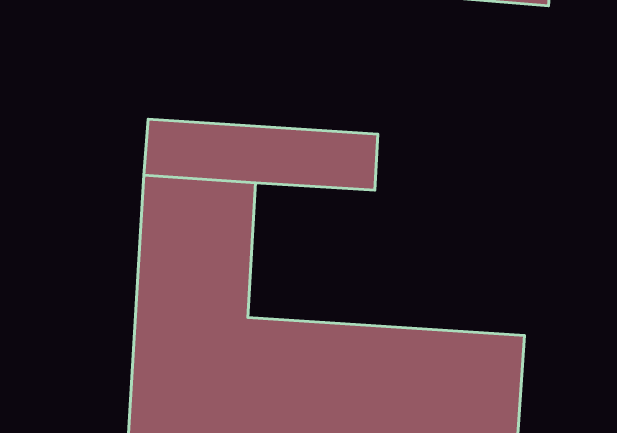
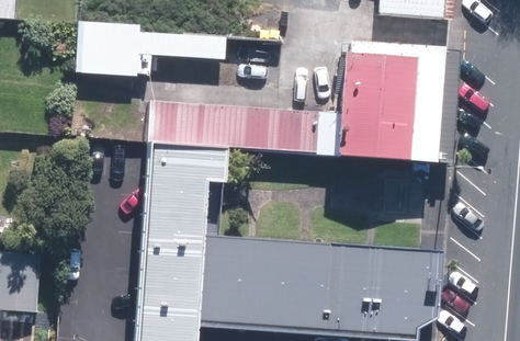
building: none -> [78,22,225,73]
building: none -> [331,57,439,174]

